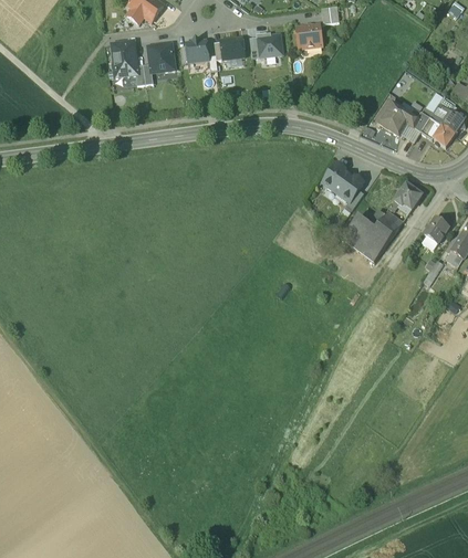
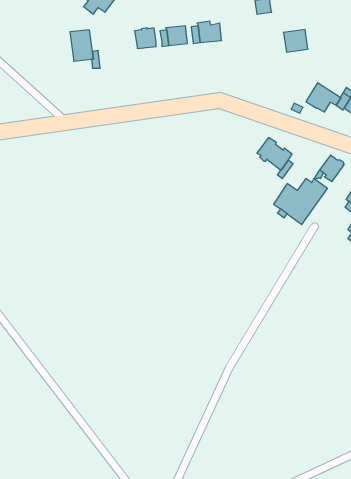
building: [295,24,323,50] -> [283,30,308,52]
building: [146,43,176,76] -> none

